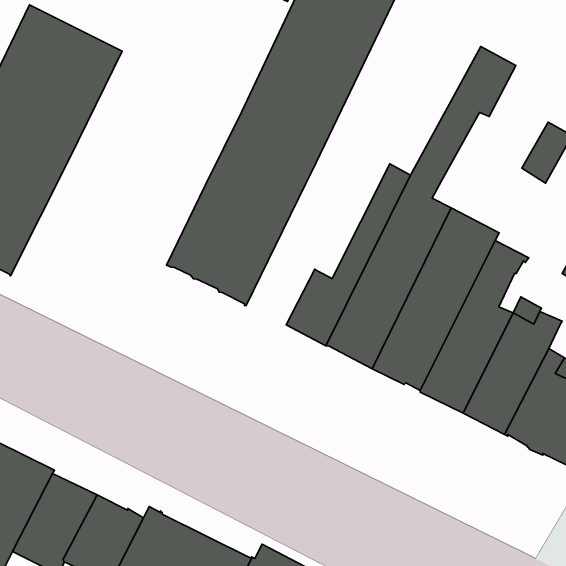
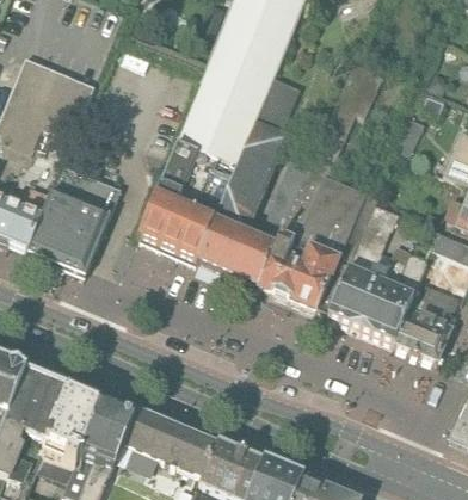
building: none -> [198,74,298,272]
building: none -> [26,162,122,274]

